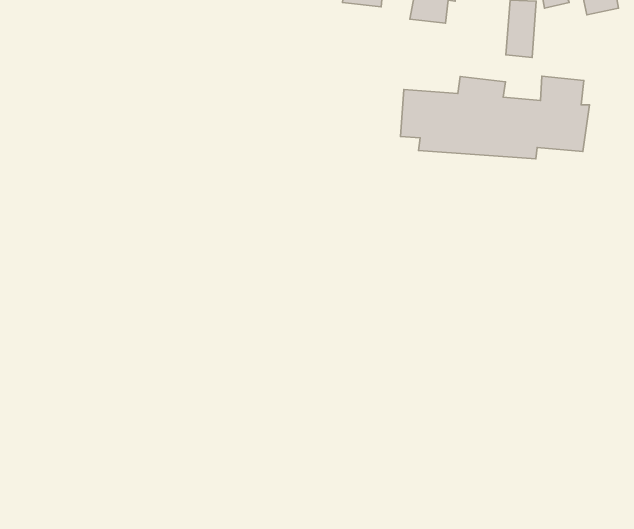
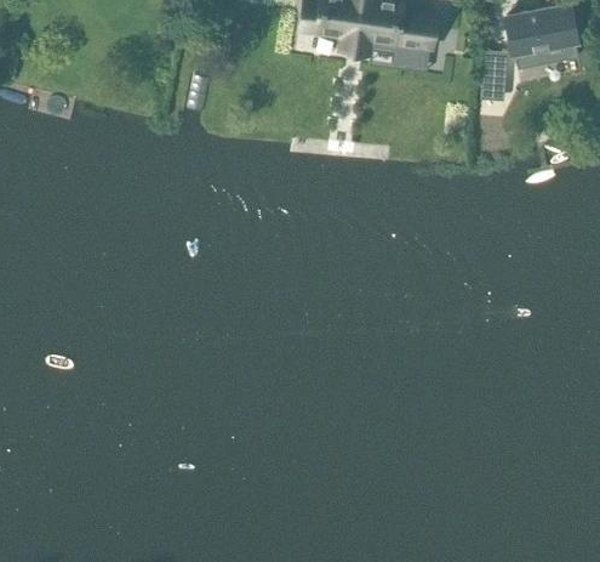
building: [400,76,589,159] -> none

